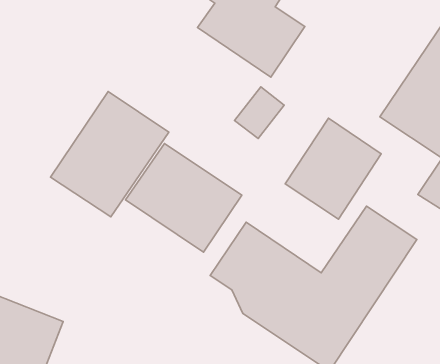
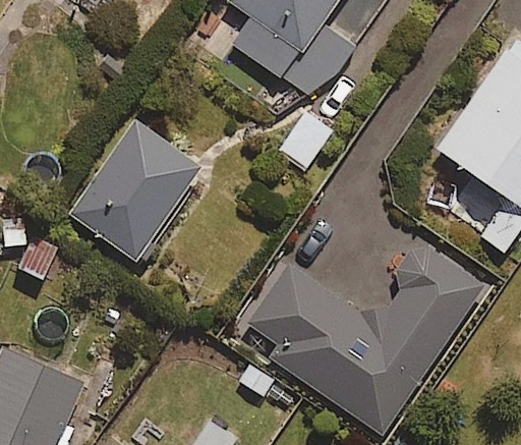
building: [285,118,381,219] -> none
building: [126,143,242,252] -> none

